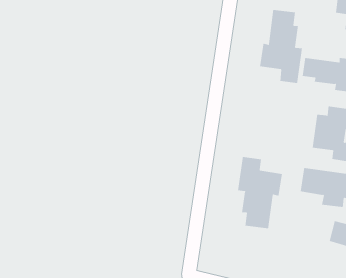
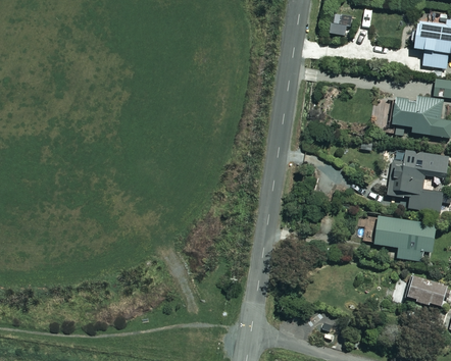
building: [260,9,302,84] -> none
building: [238,156,283,229] -> none

